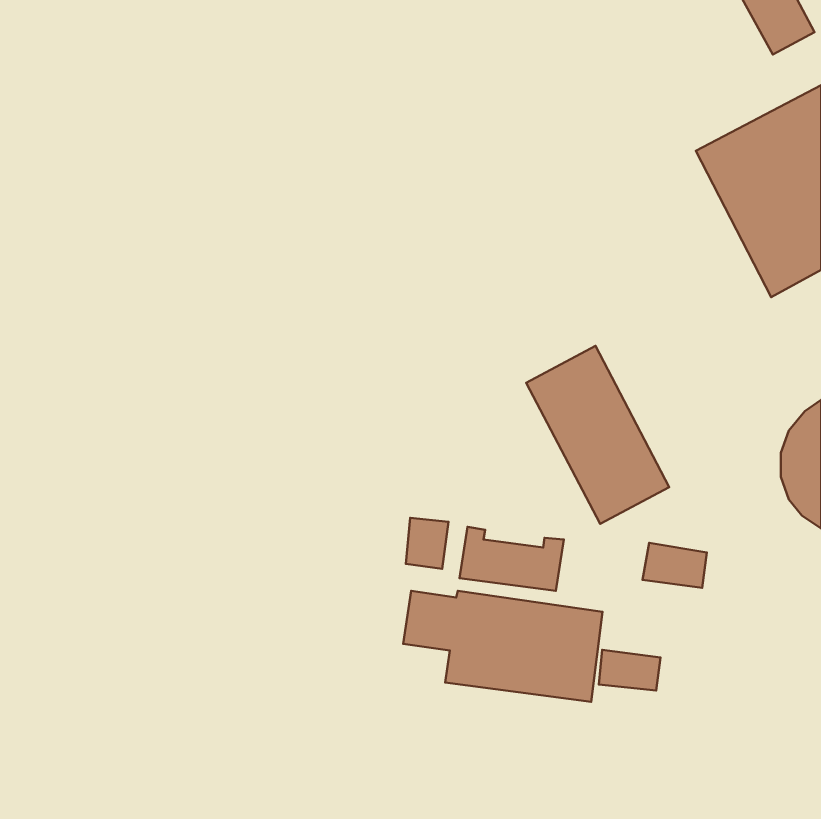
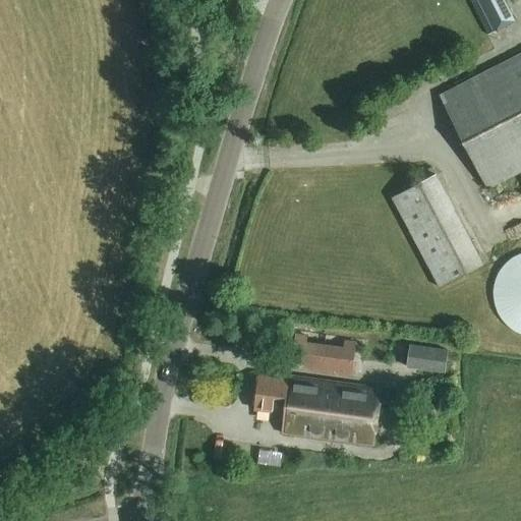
building: [526,346,669,524] -> [393,174,483,287]
building: [406,518,449,569] -> none
building: [599,650,660,690] -> none

